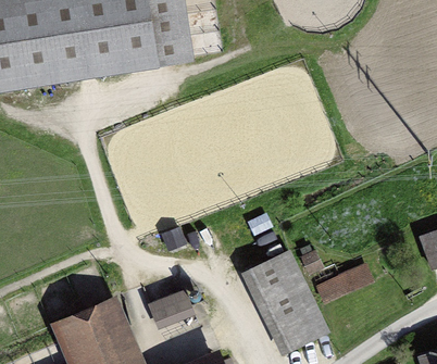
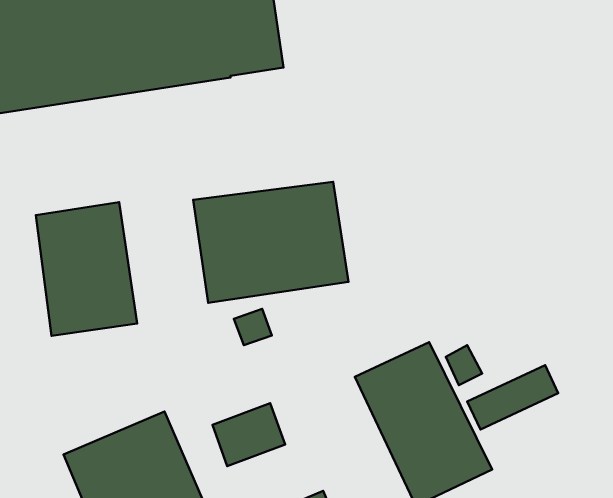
building: none -> [193,182,349,303]
building: none -> [36,202,137,336]

